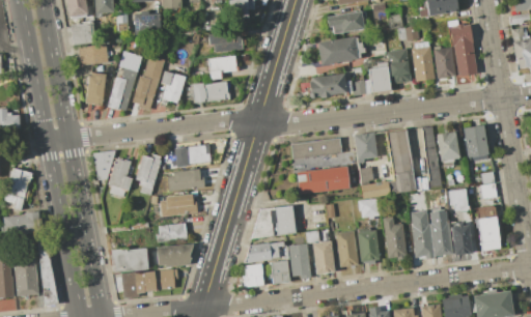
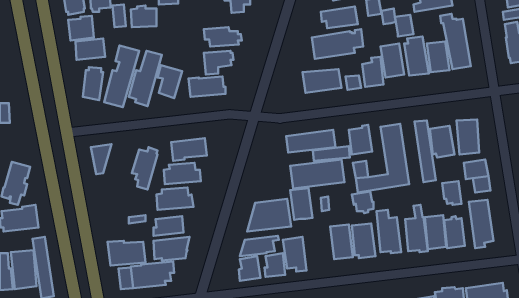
building: [109,159,133,199] -> none
building: [312,241,335,273] -> [290,188,313,220]

